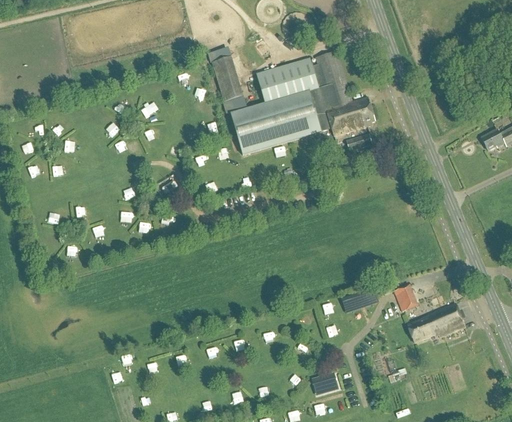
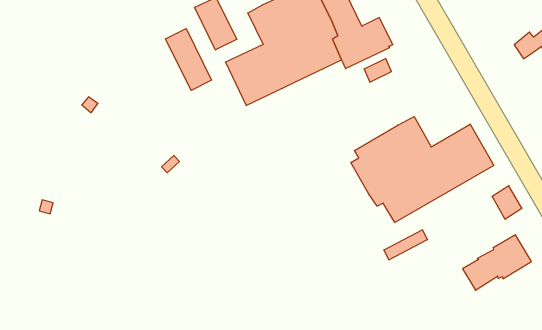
building: none -> [166,29,211,90]
building: none -> [351,117,494,222]
building: [393,283,417,311] -> [492,186,522,219]

